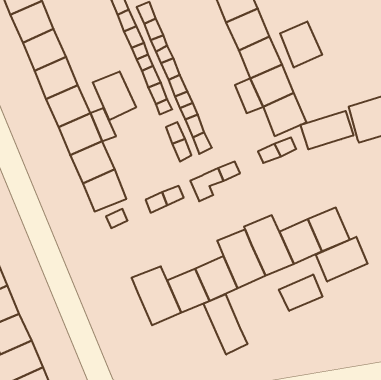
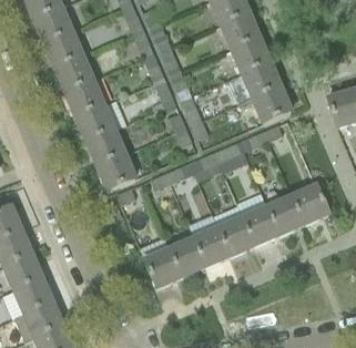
building: [280,21,322,68] -> none
building: [93,71,136,120] -> none
building: [300,111,353,149] -> none
building: [316,237,368,282] -> none
building: [279,274,322,311] -> none
building: [203,294,247,355] -> none

